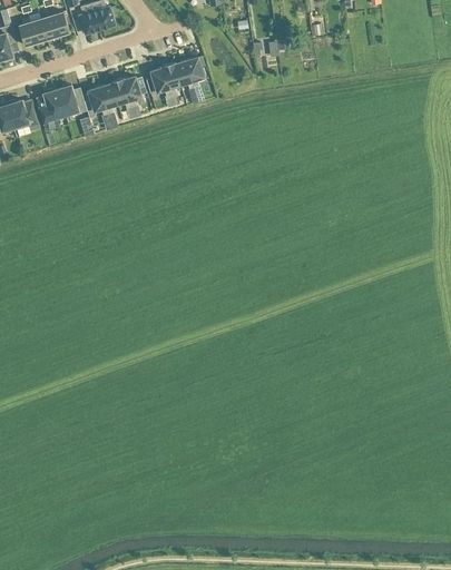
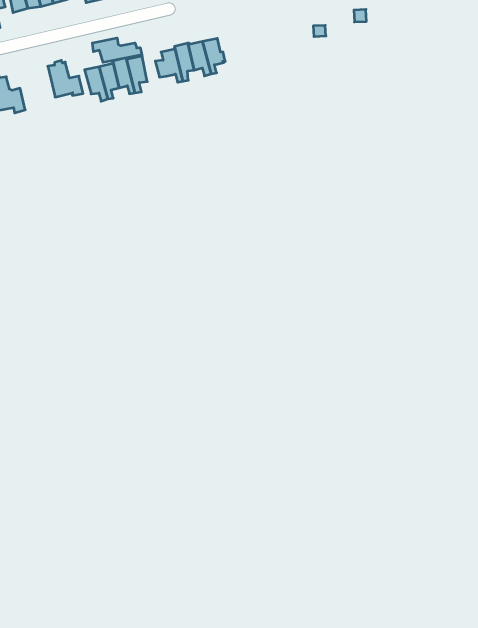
building: none -> [92,38,142,62]
building: [38,89,62,121] -> none

